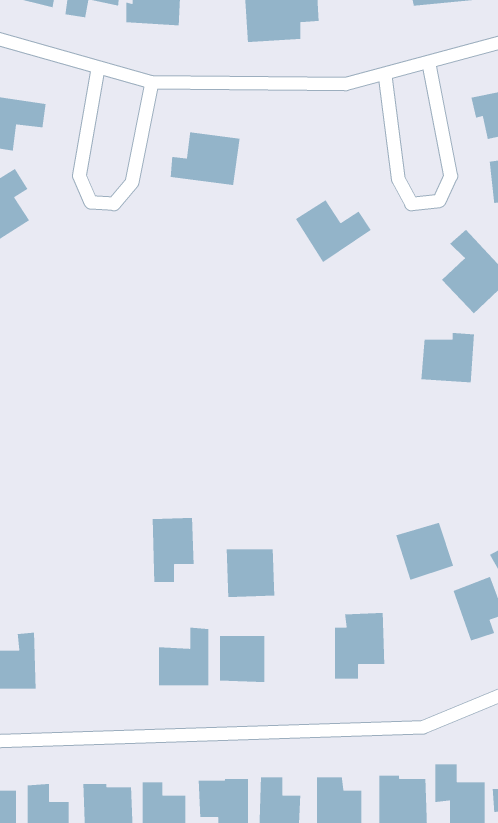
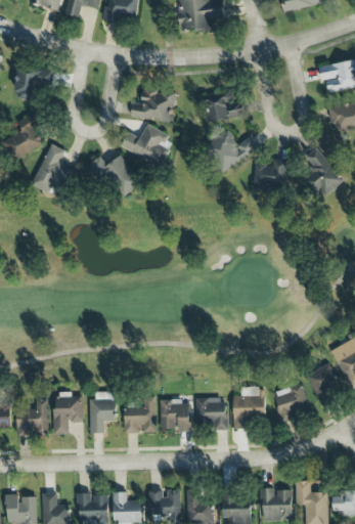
building: none -> [197,88,245,124]
building: none -> [120,124,173,165]
building: none -> [31,143,72,198]
building: none -> [89,155,141,200]
building: [421,332,475,383] -> [253,159,286,190]
building: [152,517,194,583] -> [90,391,117,432]
building: [395,522,454,581] -> [273,383,310,420]
building: [226,548,275,598] -> [195,397,226,428]
building: none -> [54,391,82,434]

